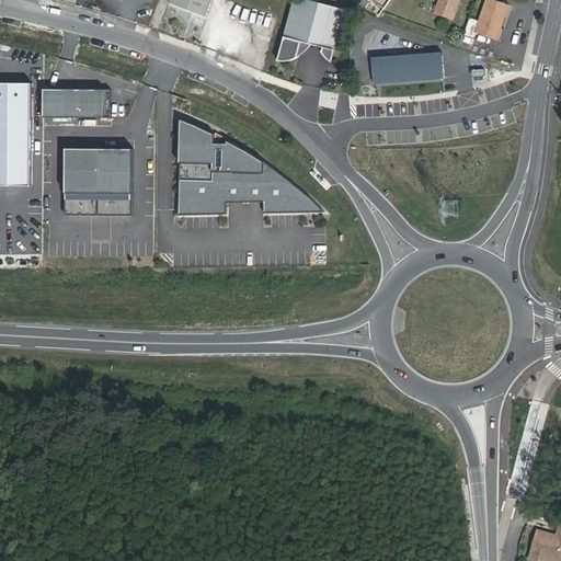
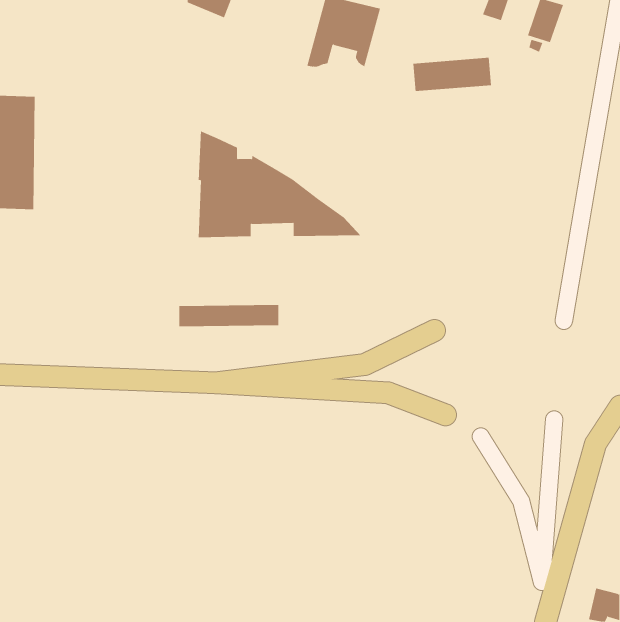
building: [43,88,110,116] -> none
building: [64,146,131,214] -> none
building: none -> [179,304,279,327]

